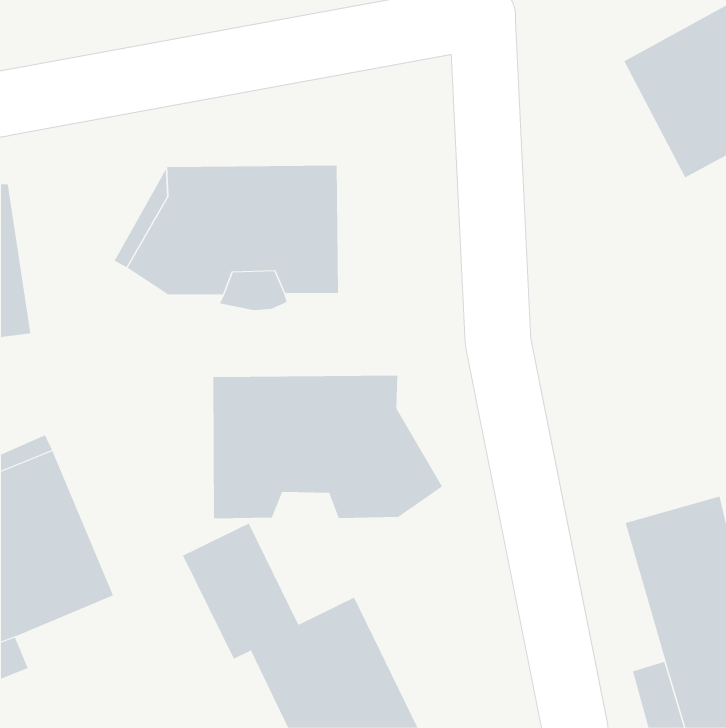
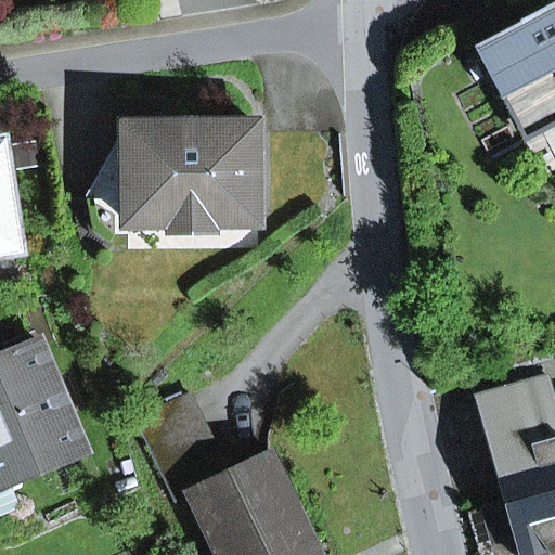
building: [213,375,443,519] -> none

